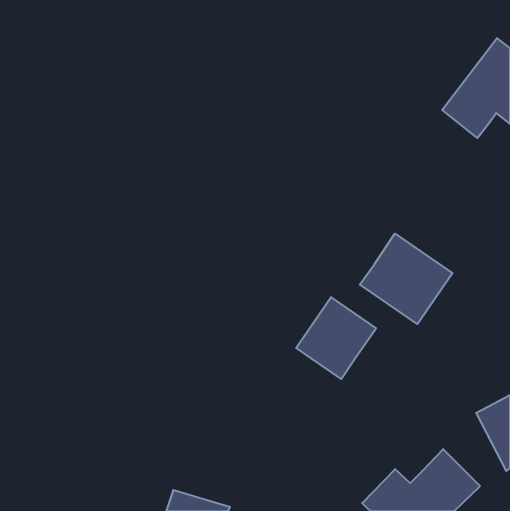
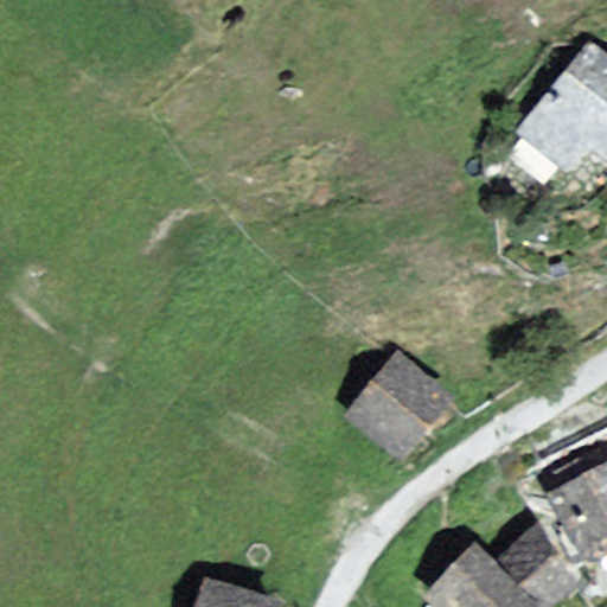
building: [360,234,452,324] -> none

